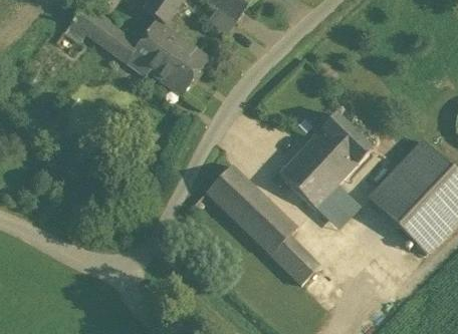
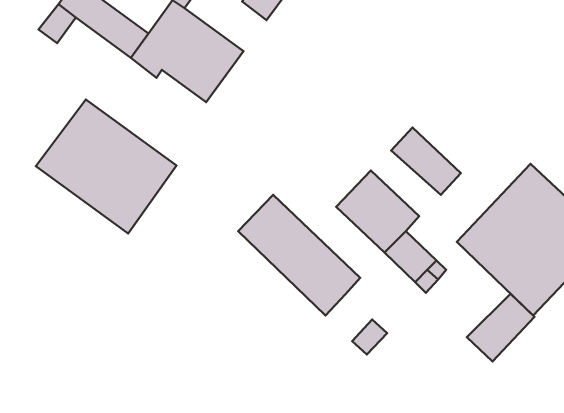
building: none -> [36,100,177,234]
building: [305,130,358,180] -> none
building: none -> [467,294,535,361]
building: [271,238,306,273] -> none

